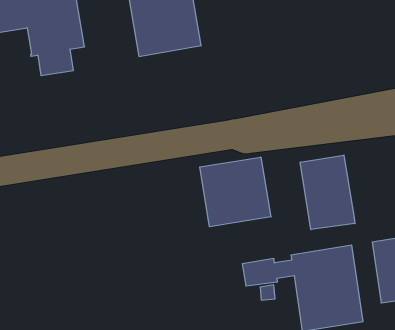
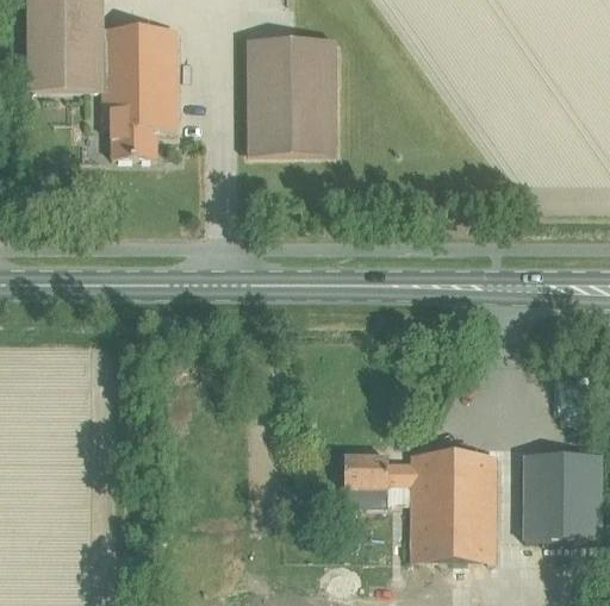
building: [300,155,355,230] -> none
building: [200,157,271,227] -> none

